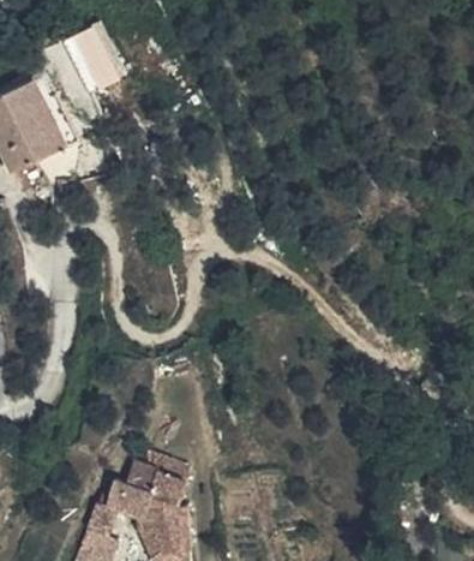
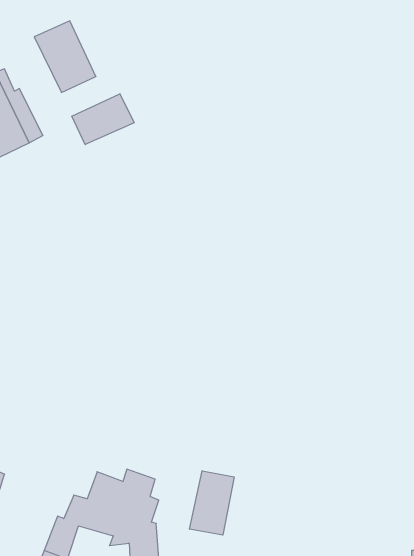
building: none -> [72,94,134,145]
building: none -> [190,471,234,535]

